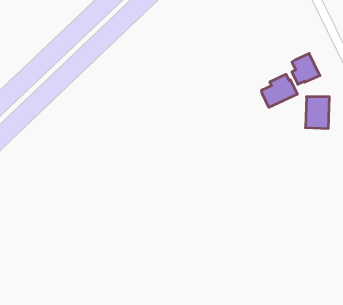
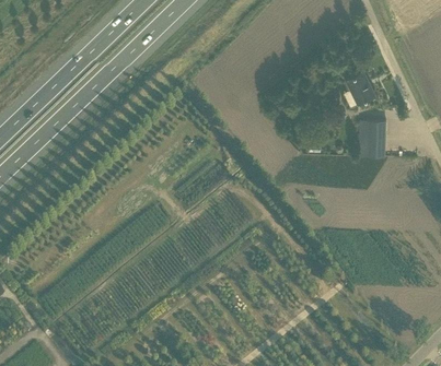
building: [262,74,297,107] -> none

